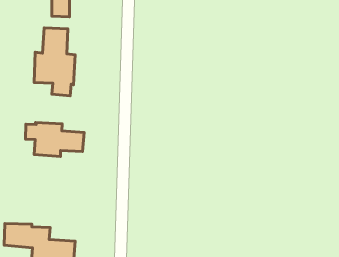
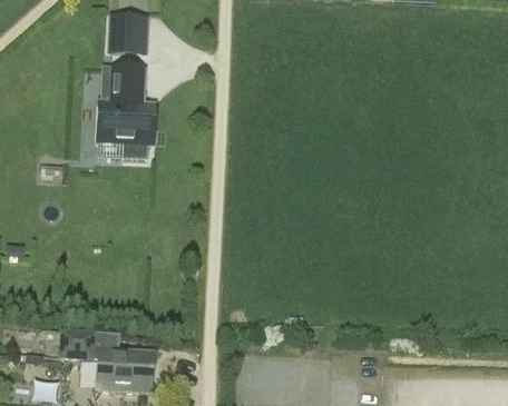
building: [25,122,84,157] -> none

